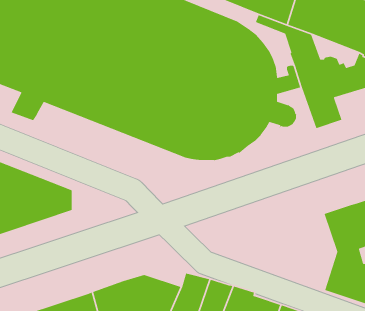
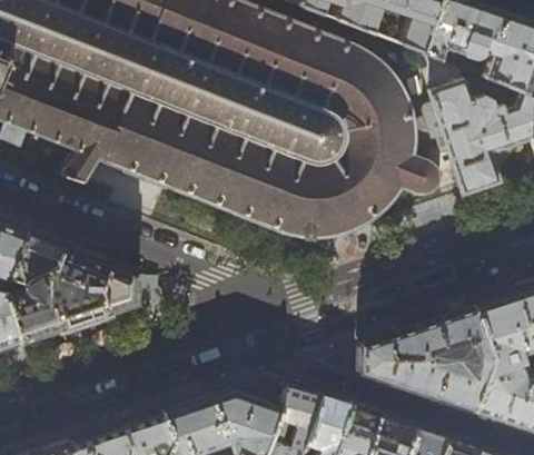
building: none -> [363,309,493,413]

